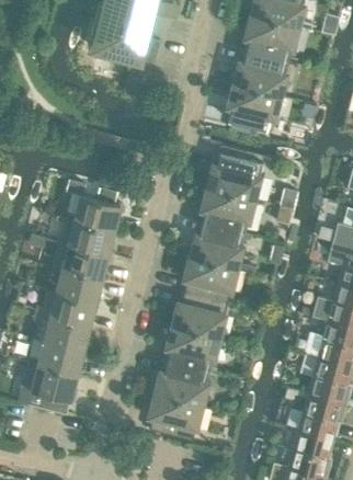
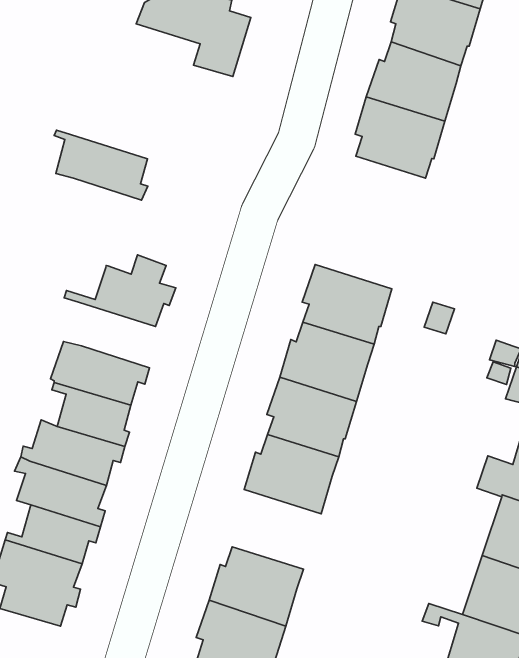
building: [207,152,263,198] -> none
building: [56,215,114,254] -> [54,130,148,200]
building: [166,324,219,370] -> none

